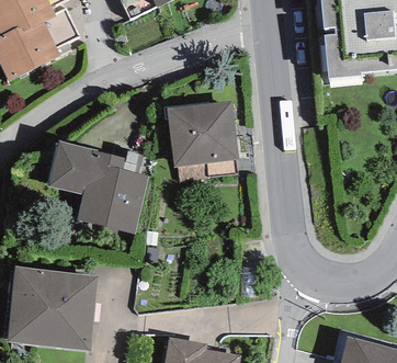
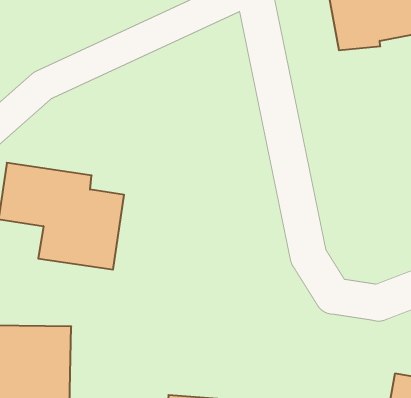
building: [166,101,238,167] -> none

